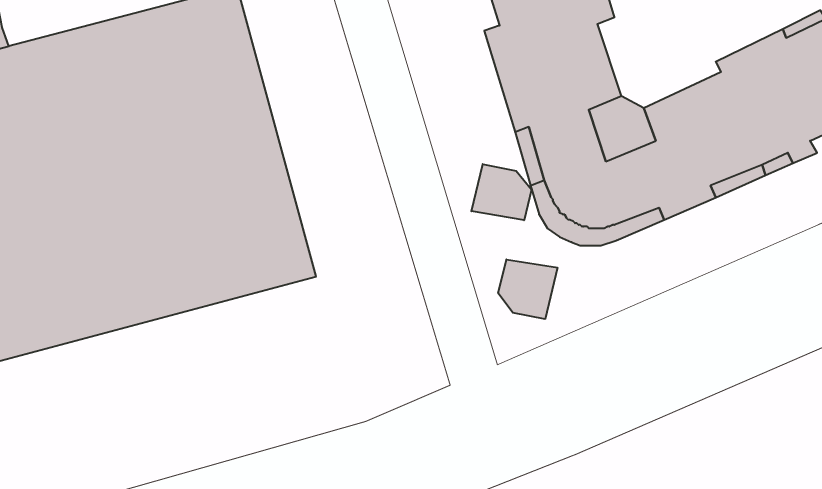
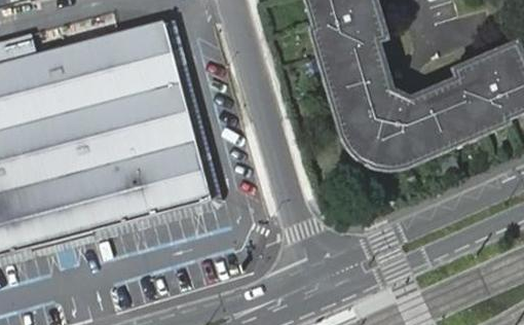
building: [471,164,532,220] -> none
building: [498,259,557,319] -> none

